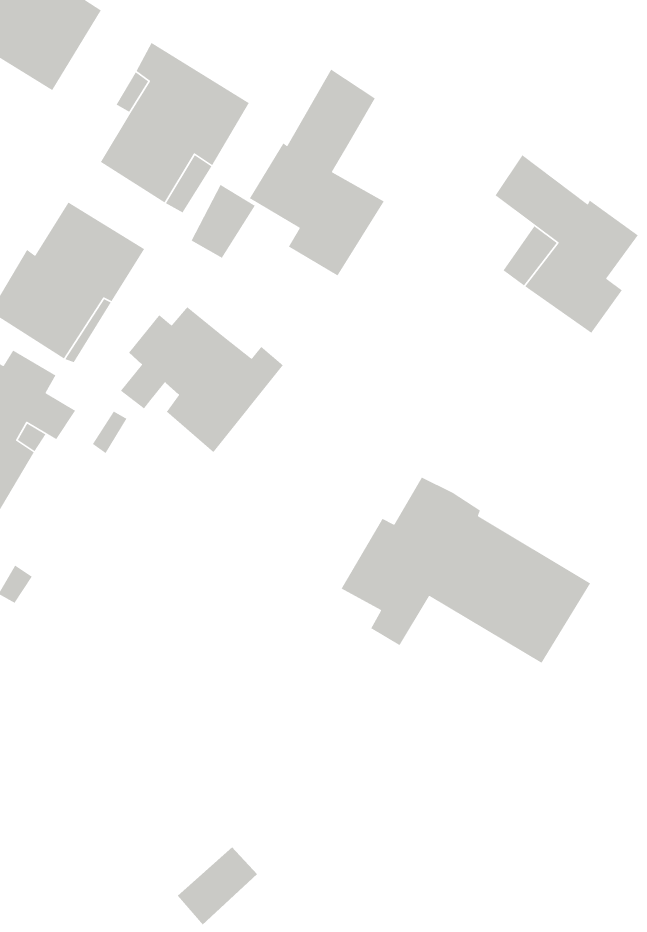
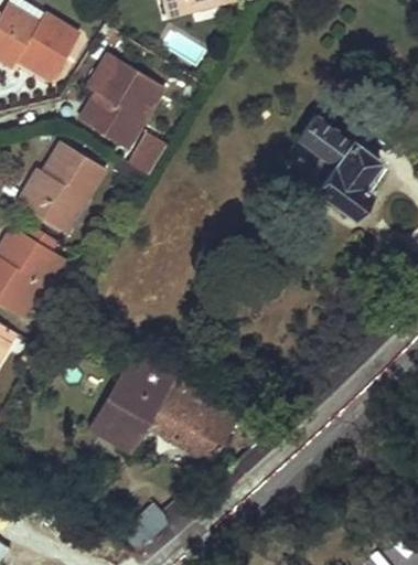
building: [249,68,385,277] -> none
building: [120,306,284,453] -> none
building: [341,476,591,664] -> [98,358,238,462]

